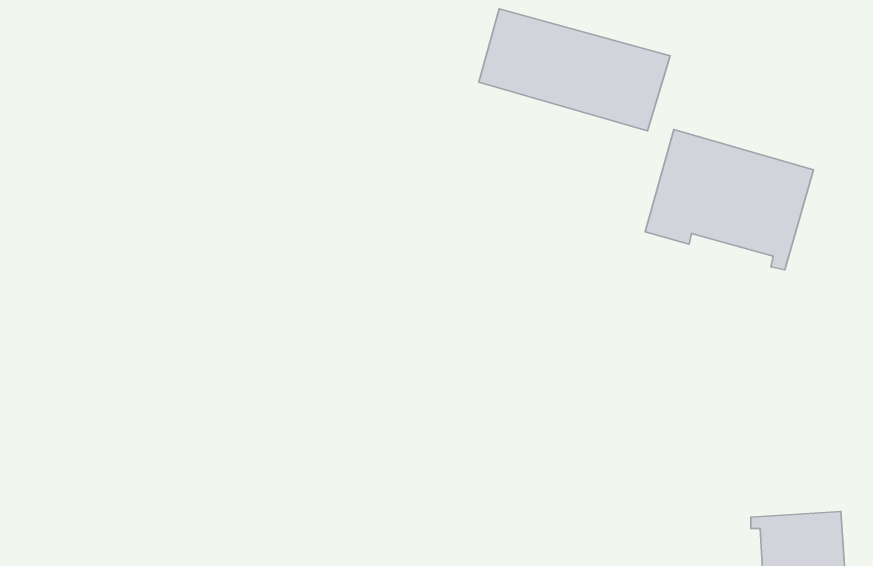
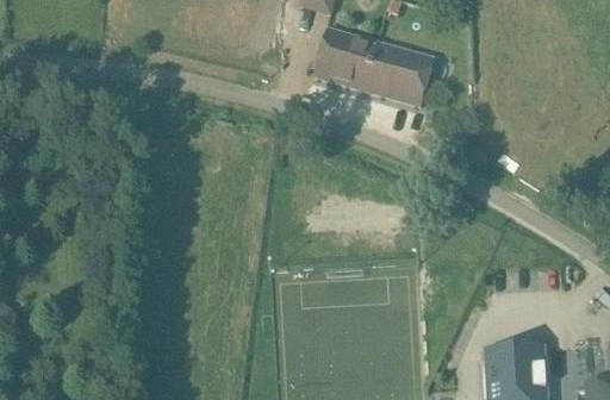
building: [645,130,813,270] -> none

